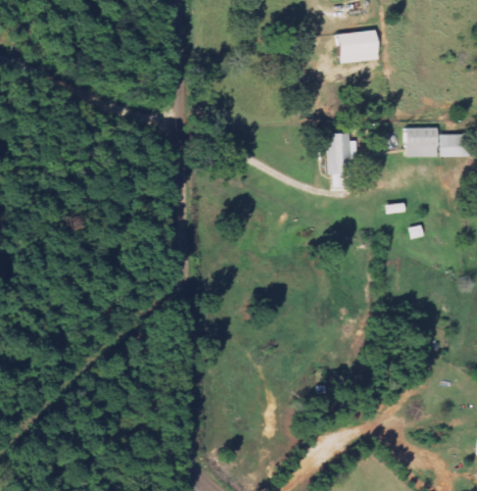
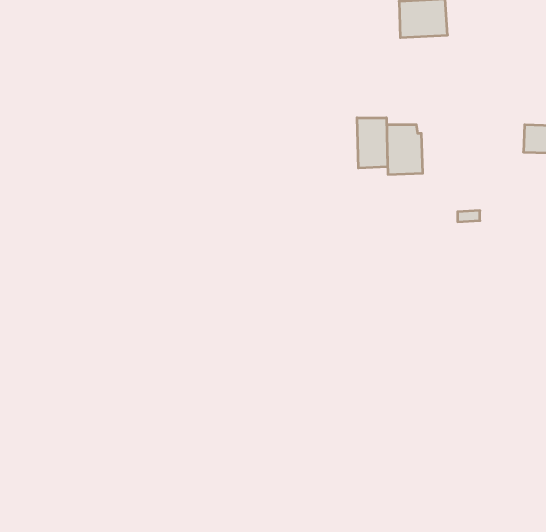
building: [406,128,438,157] -> none
building: none -> [357,118,388,168]

